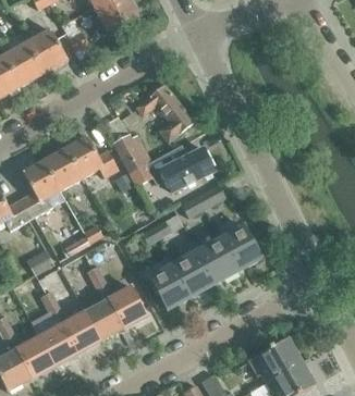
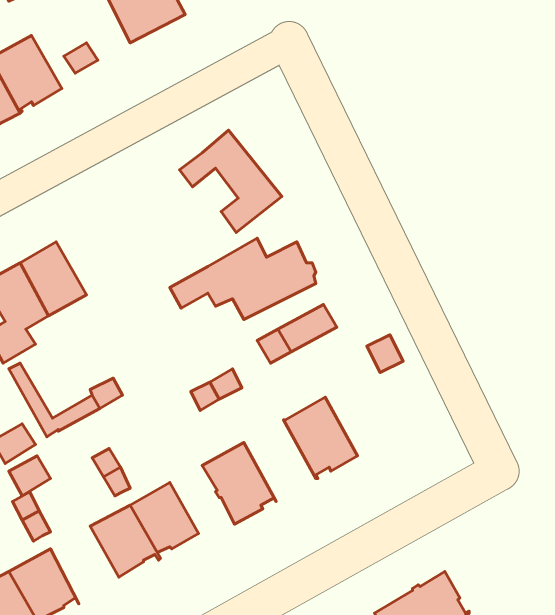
building: [112,135,151,174] -> none
building: [64,136,119,178] -> none
building: [219,224,261,271] -> none
building: [172,243,213,297] -> none
building: [61,311,100,356] -> none

